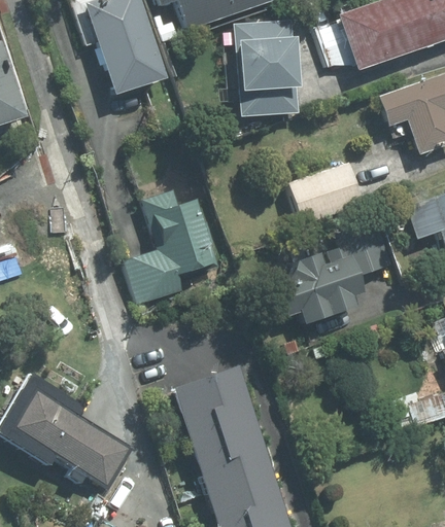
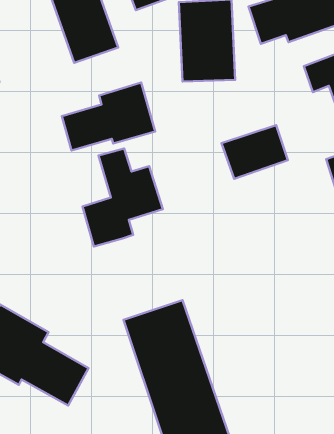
building: none -> [62,83,155,151]
building: [272,219,393,323] -> none

